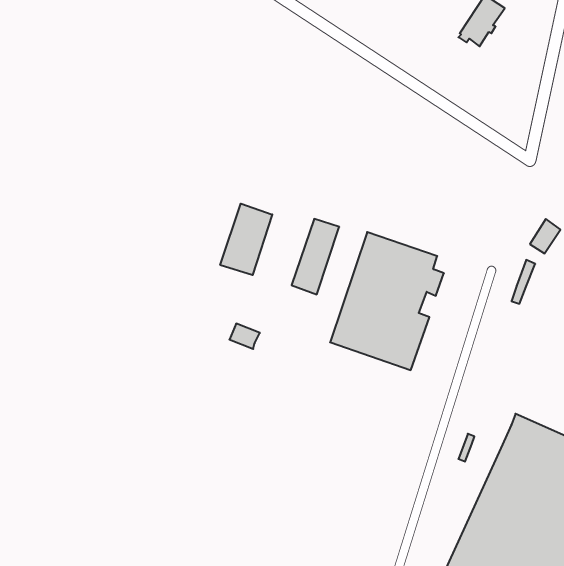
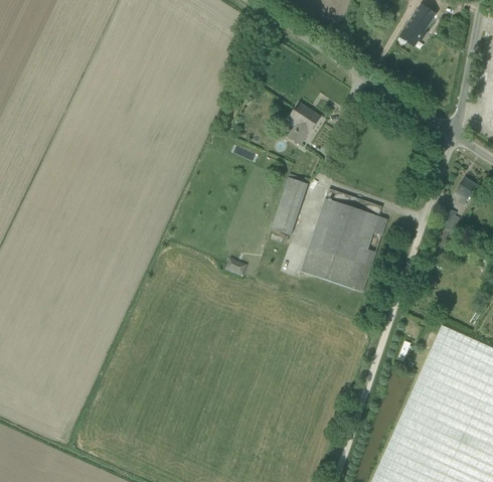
building: none -> [289,105,321,146]
building: [220,204,272,275] -> none

